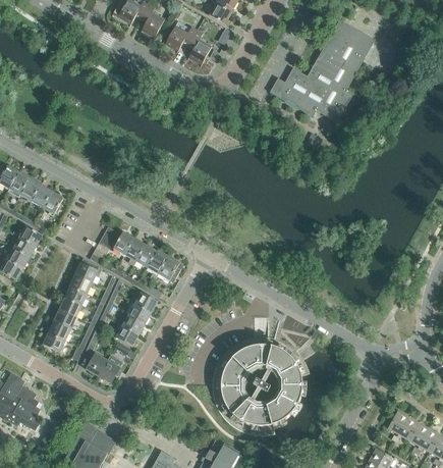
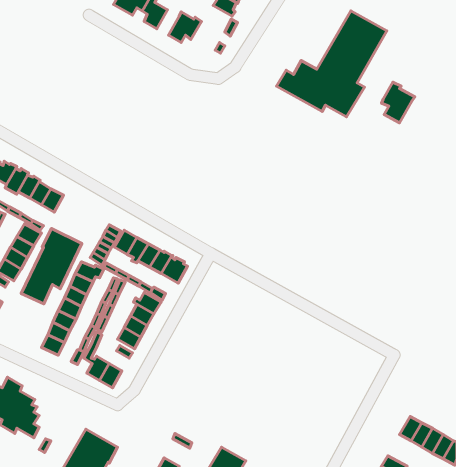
building: [186,31,211,64] -> none
building: none -> [381,82,415,123]
building: none -> [21,229,82,304]
building: [212,336,310,435] -> none

